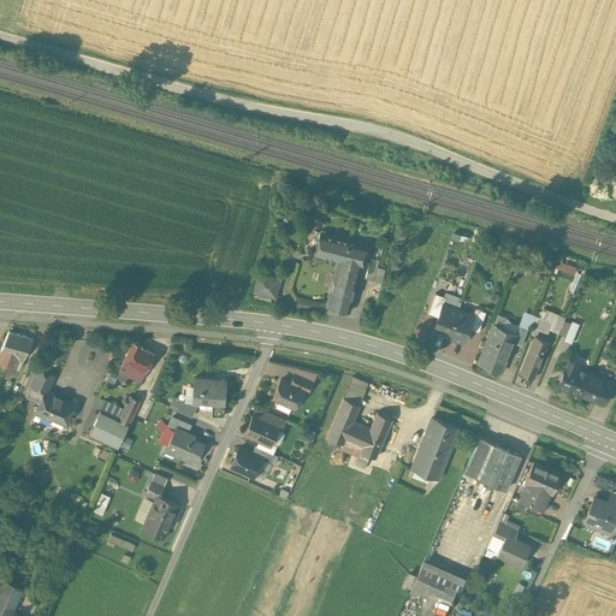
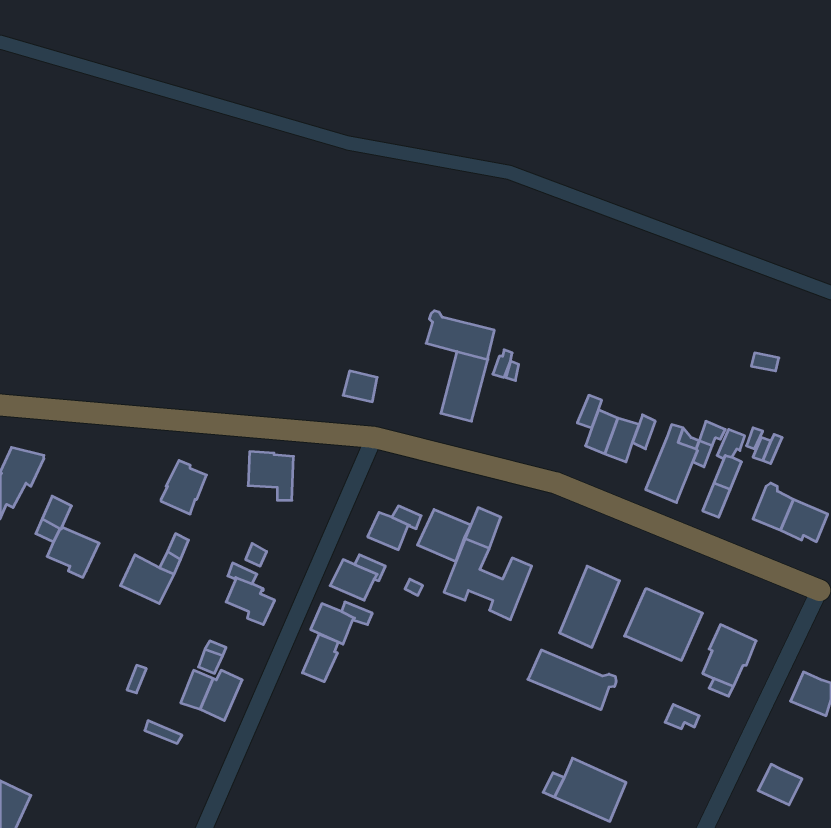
building: none -> [417,509,471,562]
building: [194,380,227,416] -> [248,452,294,500]
building: none -> [302,634,338,682]
building: none -> [528,650,616,710]
building: [497,537,529,567] -> [758,764,802,805]

